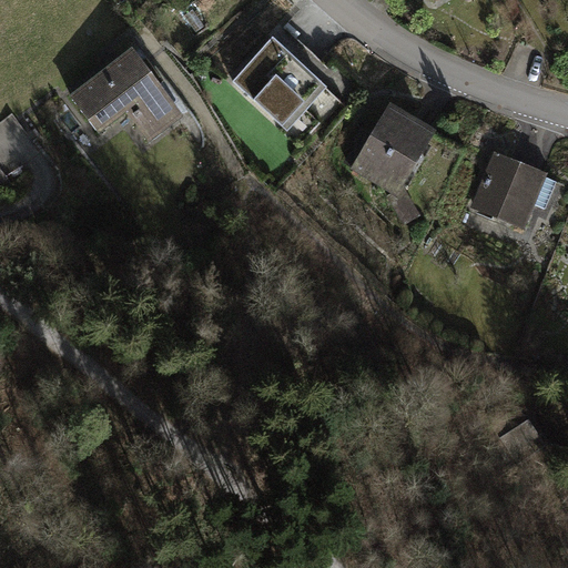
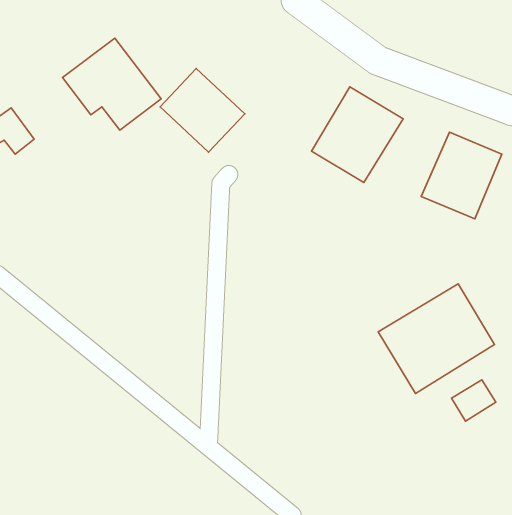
building: [233,39,326,131] -> [160,68,245,152]
building: none -> [378,284,494,394]

